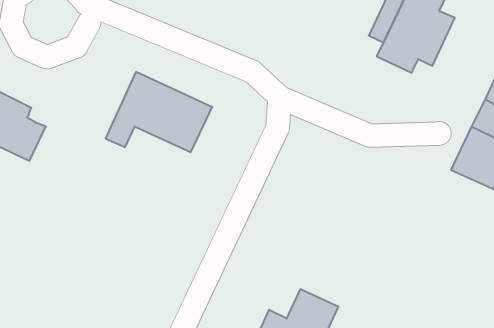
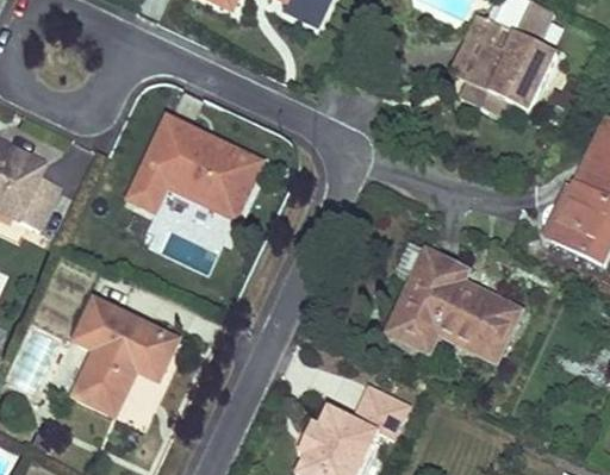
building: none -> [391,254,517,356]
building: none -> [74,298,176,413]

